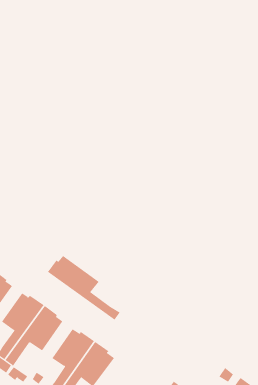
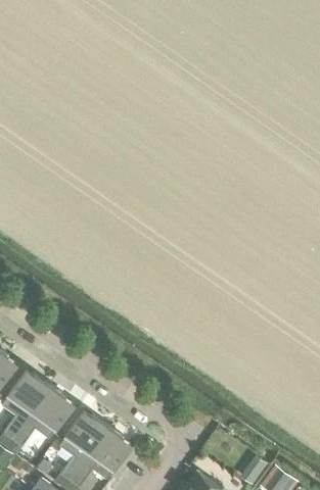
building: [47,255,120,320] -> none

